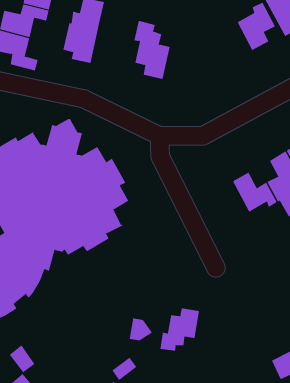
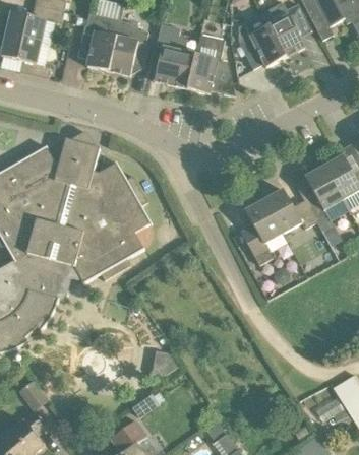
building: none -> [238,12,286,68]
building: none -> [109,19,148,75]
building: none -> [188,32,235,94]
building: none -> [240,199,283,265]
building: [160,308,199,352] -> none

